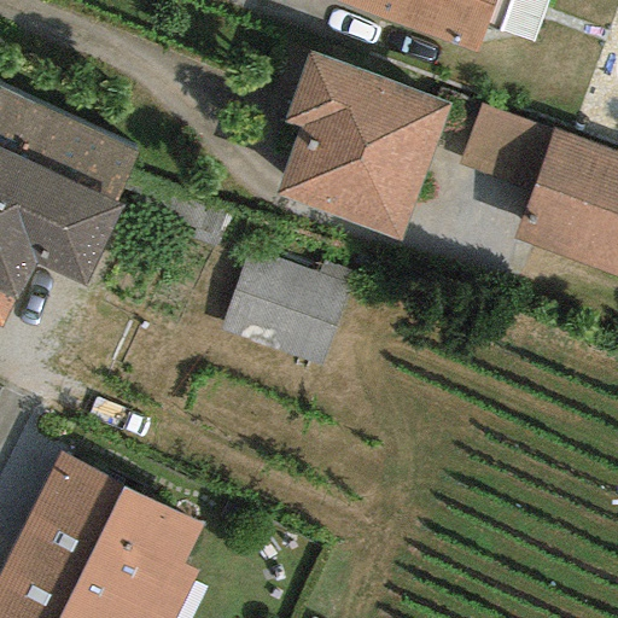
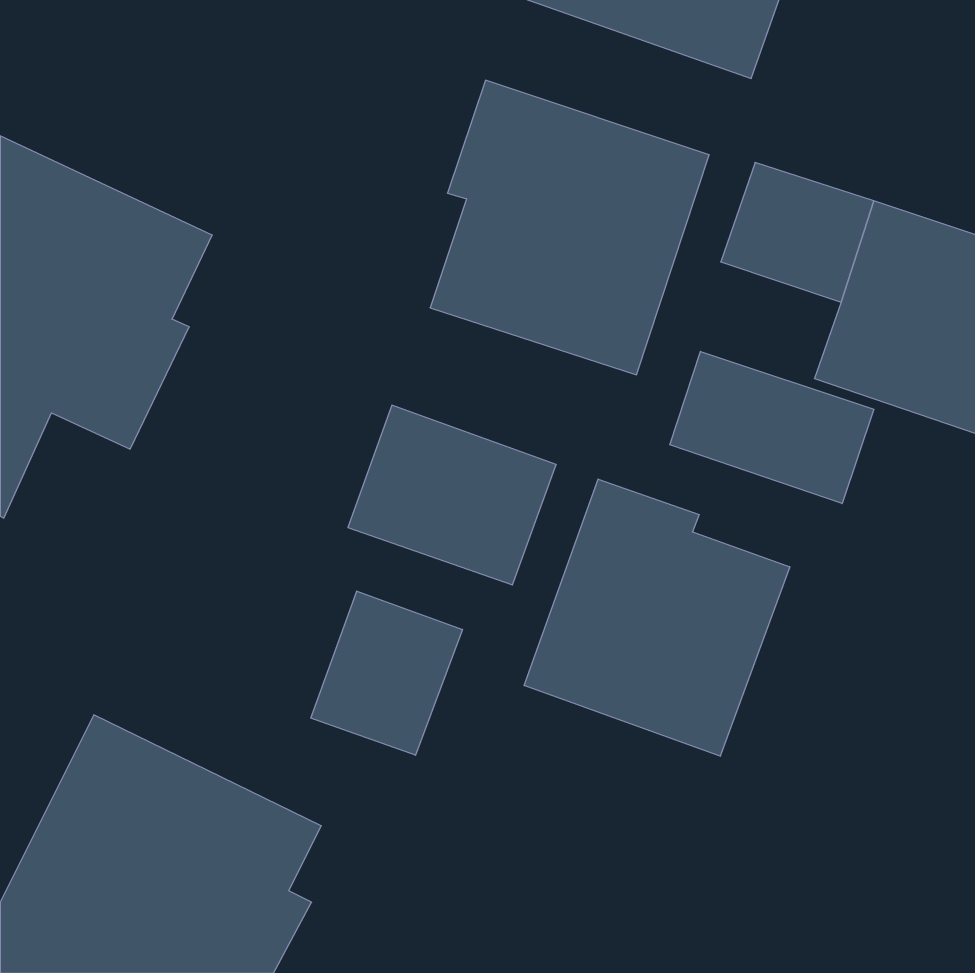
building: none -> [670,351,874,504]
building: none -> [524,479,790,756]
building: none -> [311,591,462,755]

